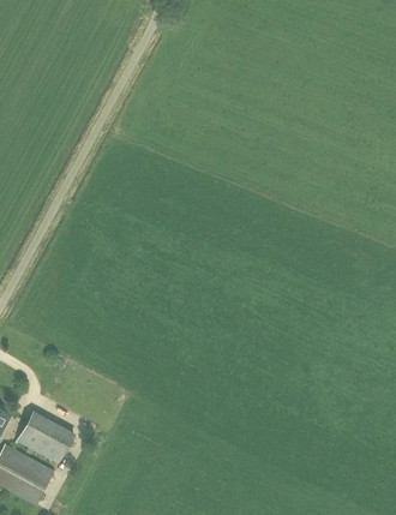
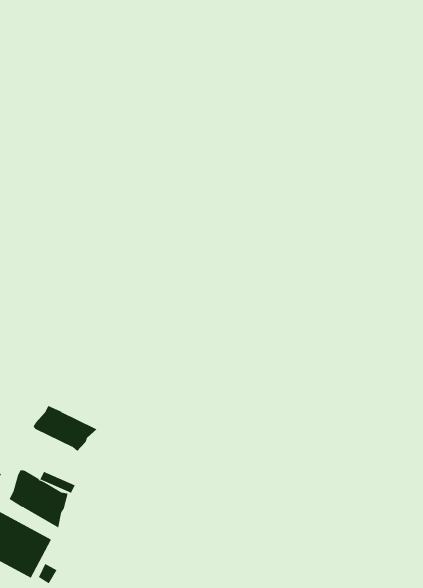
building: none -> [33,405,97,452]

